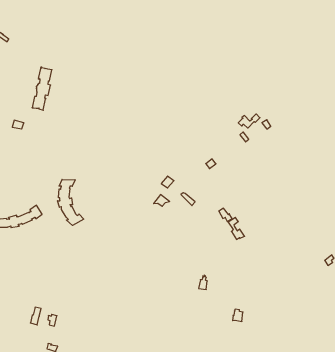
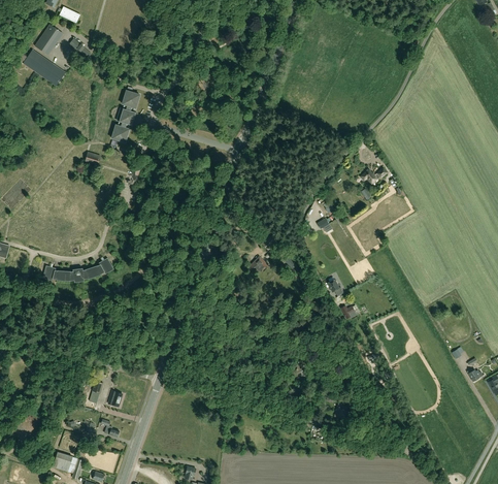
building: [58,179,84,225] -> none

